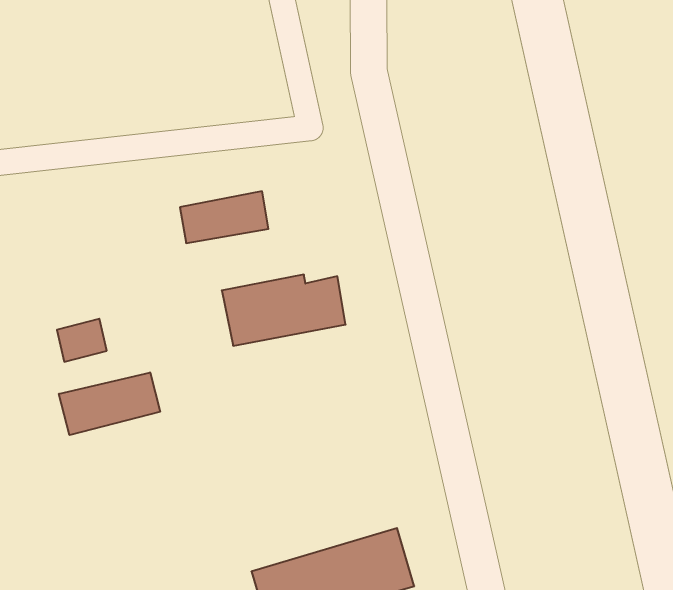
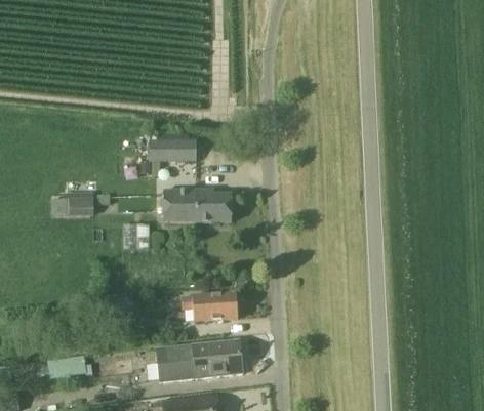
building: [59,372,160,435] -> none
building: none -> [180,292,237,321]

